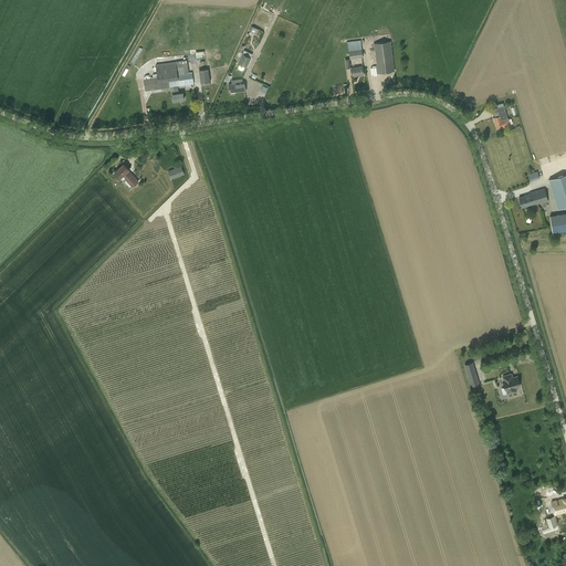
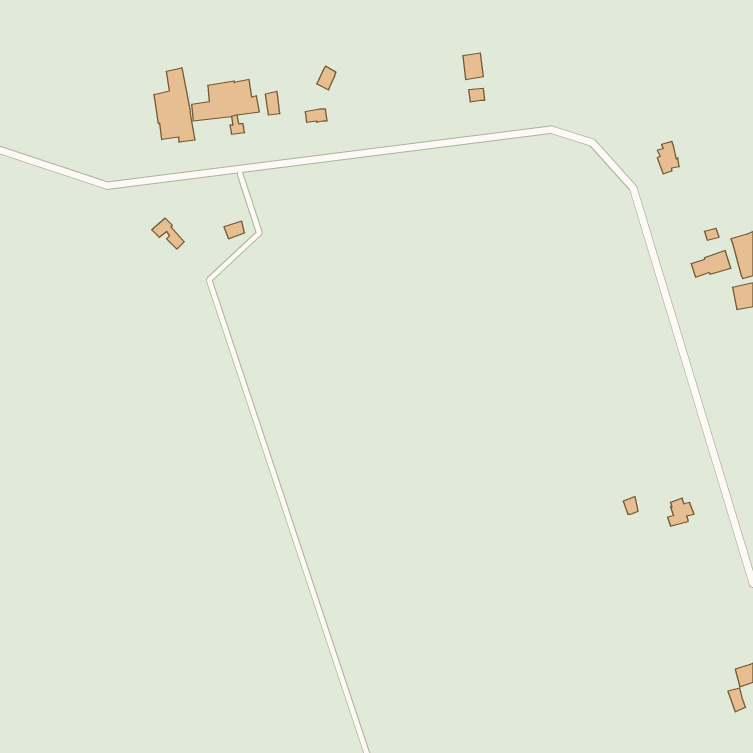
building: [374,41,395,73] -> none
building: none -> [154,68,195,142]

